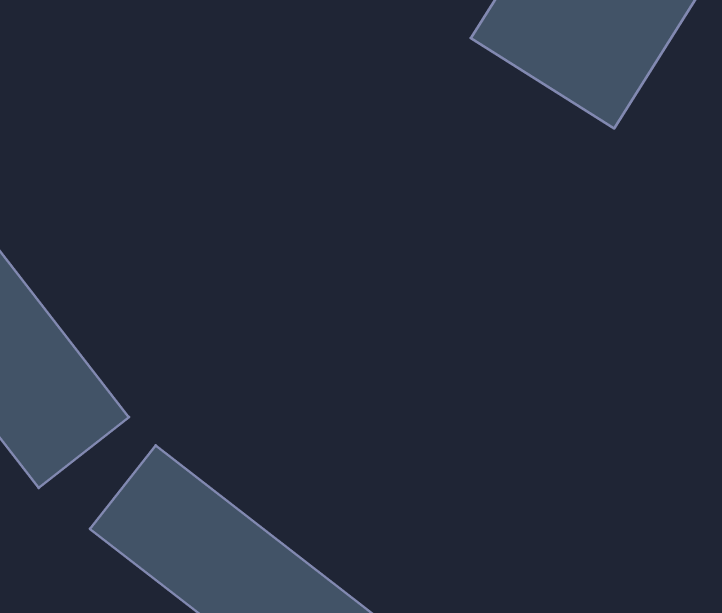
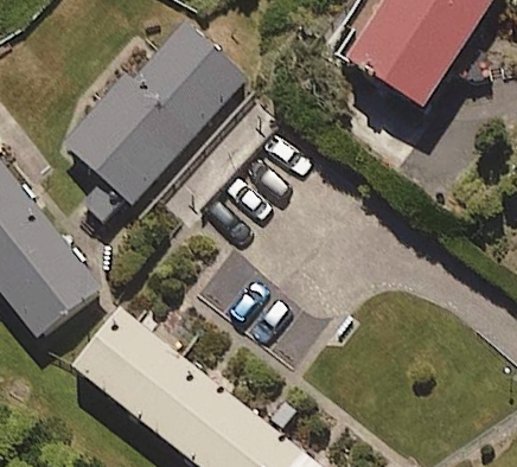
building: none -> [63,21,247,205]

